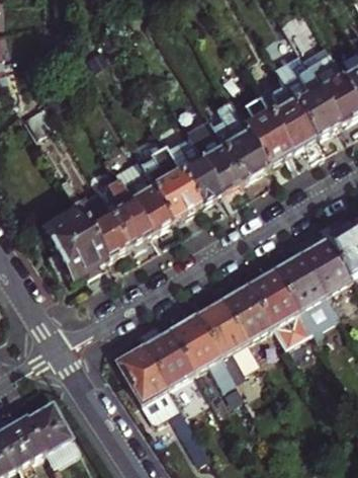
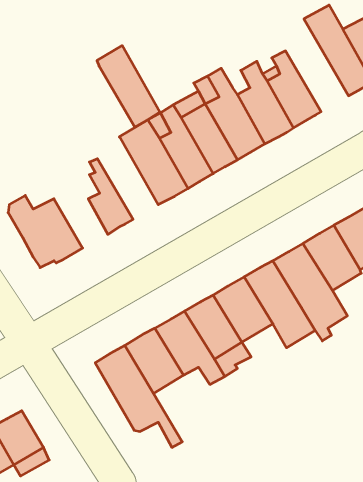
building: [270,50,338,139] -> none
building: [114,162,170,234] -> [97,46,160,127]
building: [70,201,125,259] -> none

